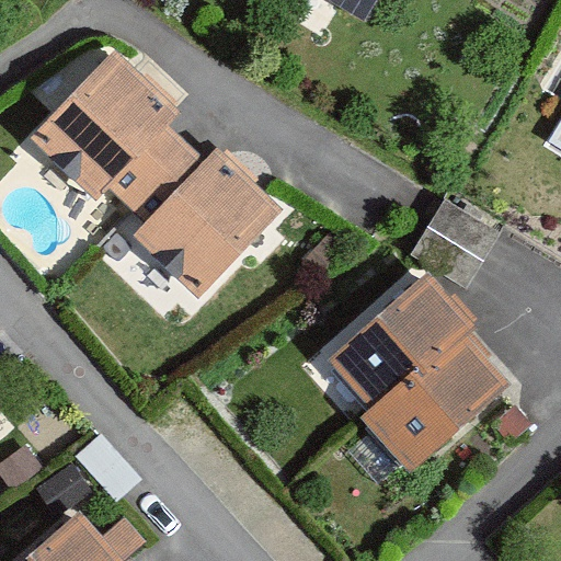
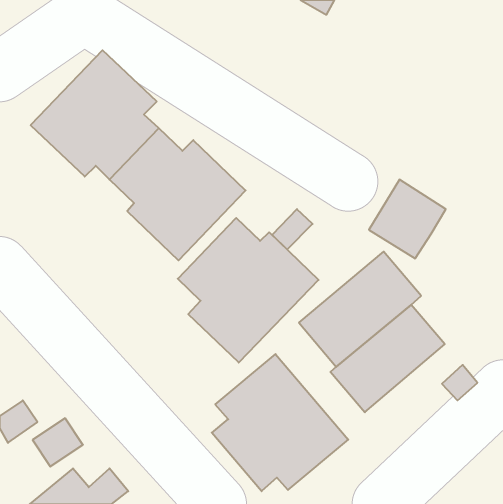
building: none -> [178,218,319,363]
building: none -> [212,354,348,491]

